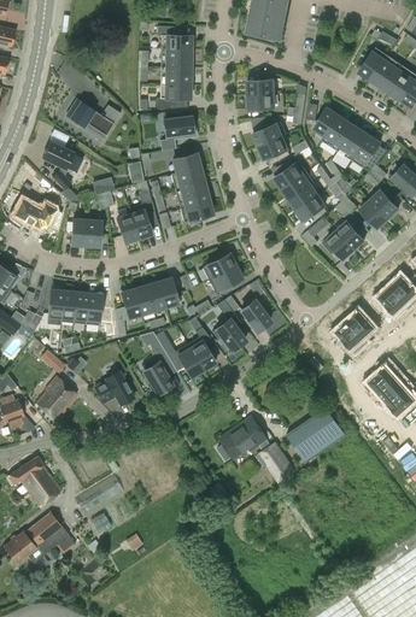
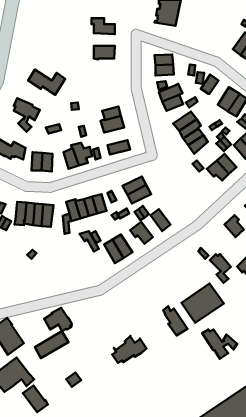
building: [160,48,191,66] -> none
building: [156,84,189,108] -> none
building: [322,116,353,151] -> none
building: [160,117,197,151] -> none
building: [175,183,209,208] -> none
building: [333,322,363,363] -> [210,254,231,283]
building: [141,358,171,395] -> none
building: [94,371,134,405] -> [44,308,72,331]
building: [35,376,76,421] -> none
building: [217,421,266,459] -> [112,336,147,363]
building: none -> [202,330,237,359]
building: none -> [23,386,48,412]

